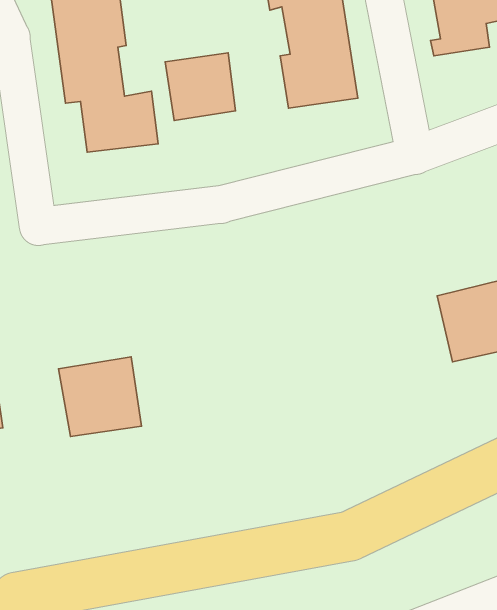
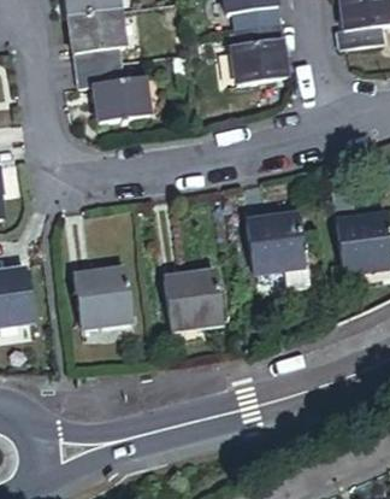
building: [165,53,236,121] -> none
building: none -> [248,217,309,287]
building: none -> [166,270,224,329]

